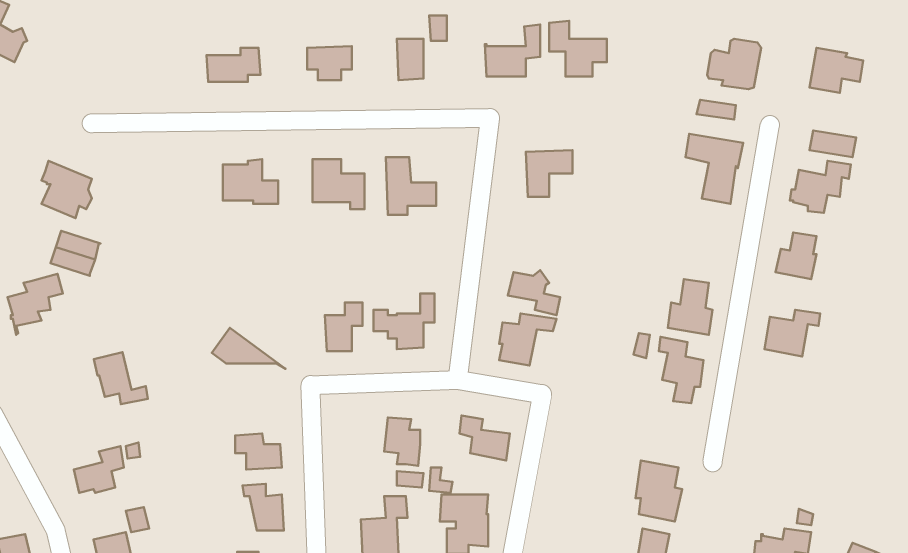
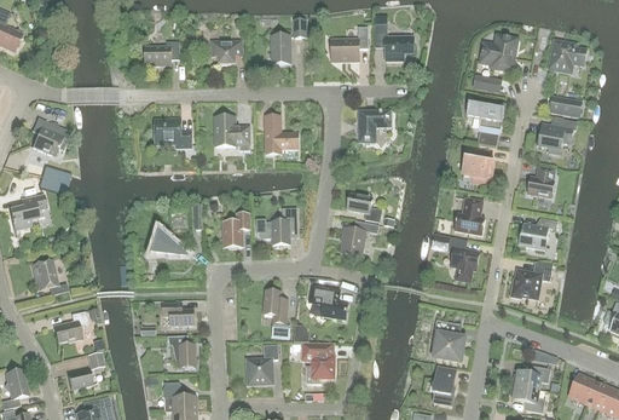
building: none -> [462,149,494,183]
building: [94,352,148,404] -> [31,259,68,294]
building: none -> [509,261,551,299]

